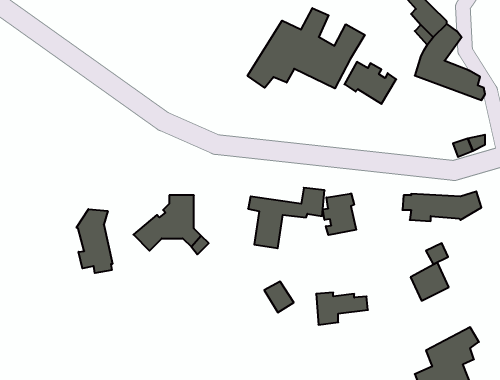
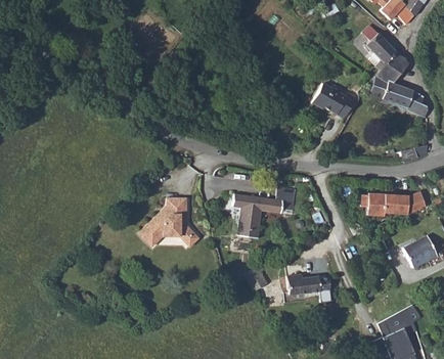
building: [248,8,365,88] -> none
building: [323,193,356,235] -> none
building: [77,209,112,273] -> none
building: [411,262,449,301] -> [404,234,436,266]

